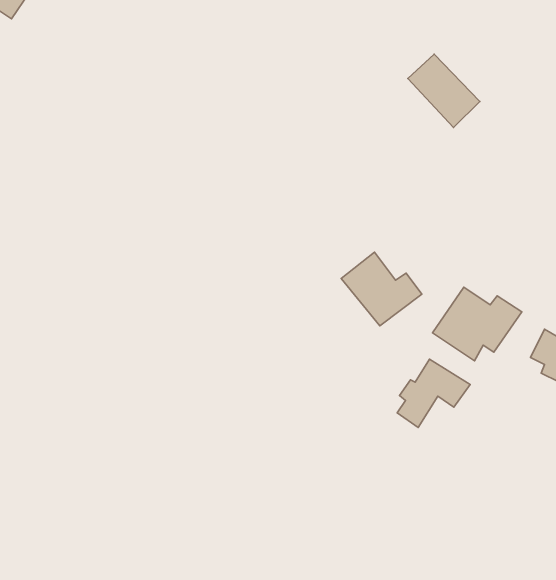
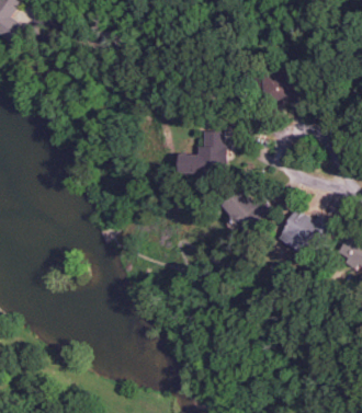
building: none -> [178,130,224,173]
building: [397,359,470,428] -> none

